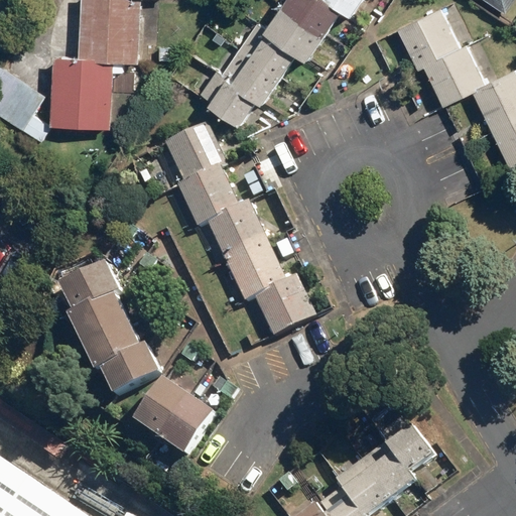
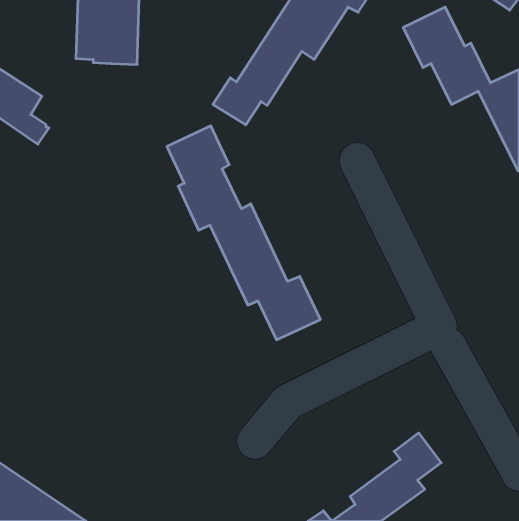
building: [45,56,109,128] -> none
building: [62,263,161,394] -> none
building: [135,377,216,454] -> none

